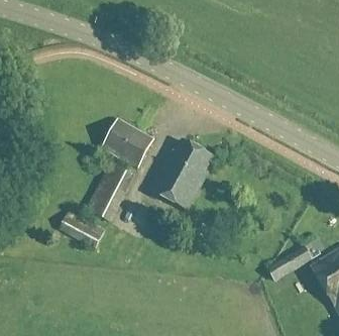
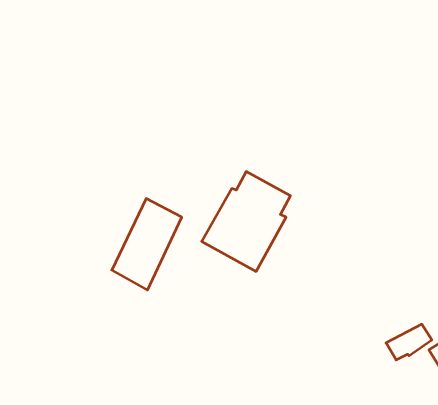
building: [101,119,152,167] -> none
building: [58,209,105,248] -> none

